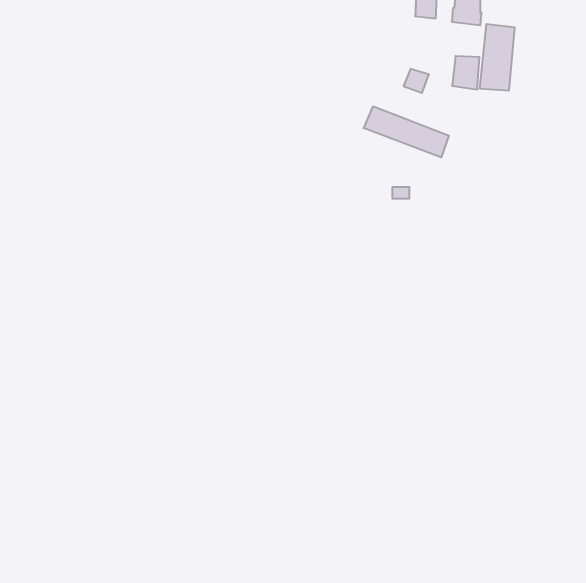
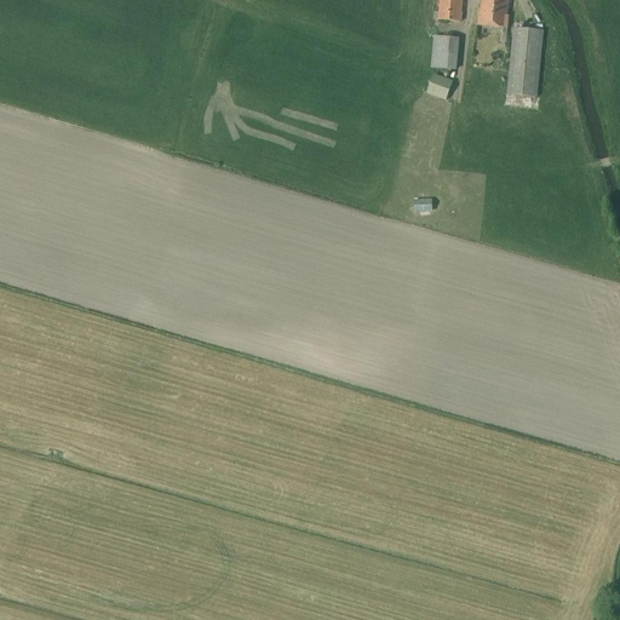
building: [452,56,480,89] -> [430,34,459,69]
building: [364,106,449,157] -> none

